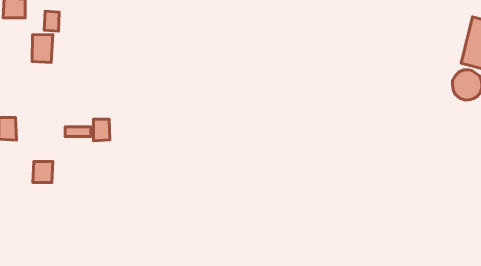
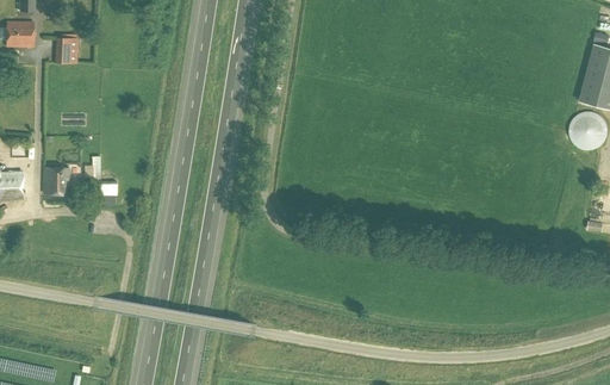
building: [32,35,53,62] -> none
building: [93,119,110,141] -> none
building: [33,162,53,183] -> [44,167,69,193]

